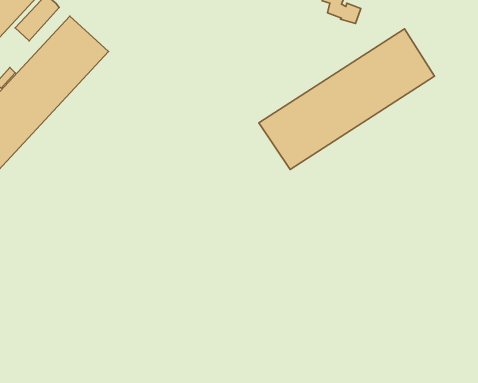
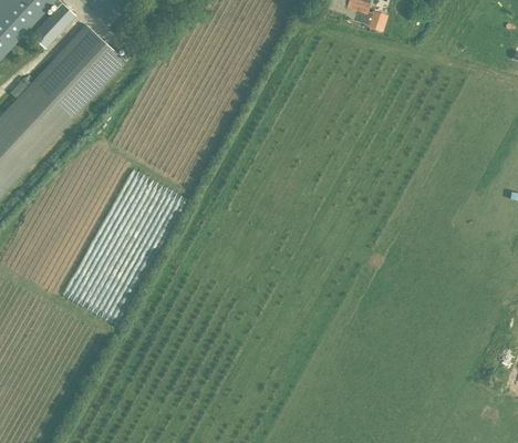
building: [259,29,435,169] -> none

